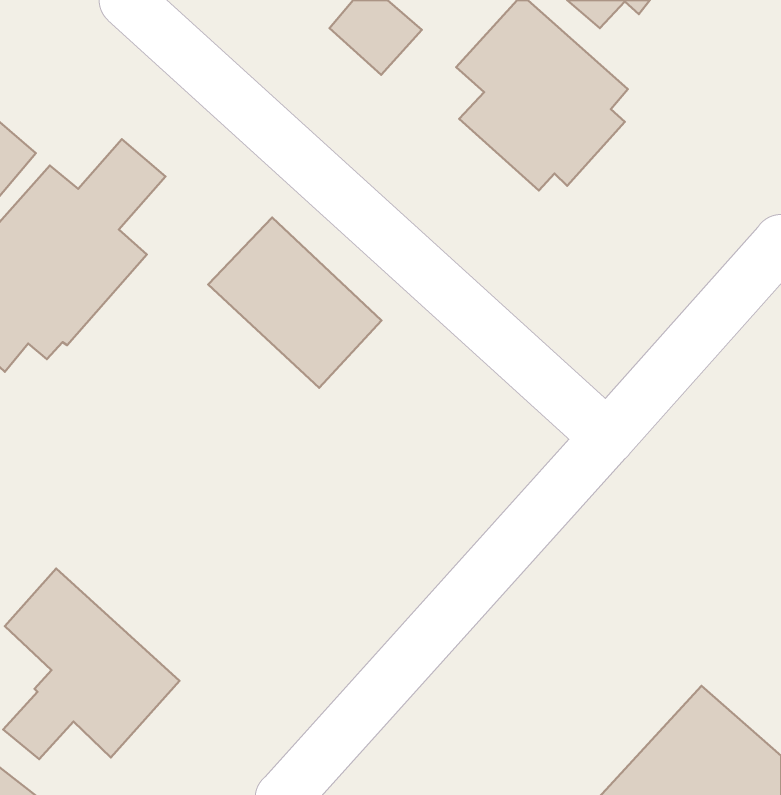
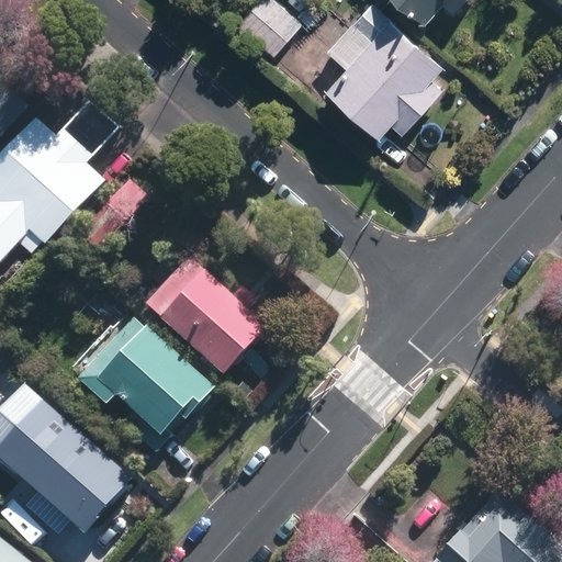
building: [208,217,382,388] -> [145,256,267,375]
building: none -> [67,315,215,457]

